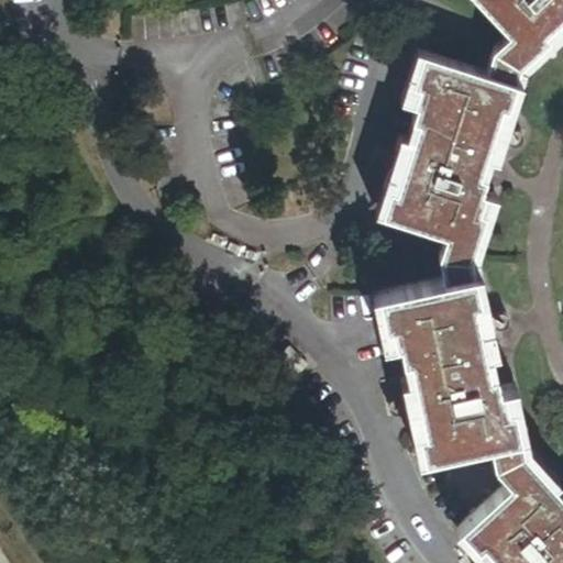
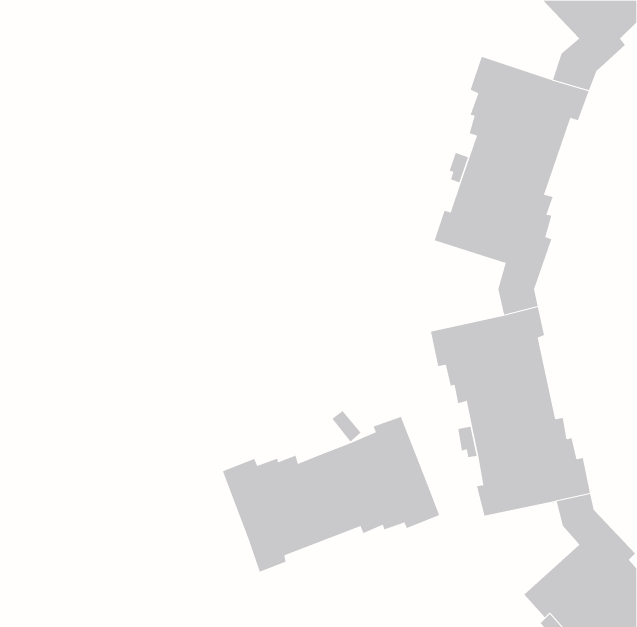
building: none -> [222,416,440,572]

